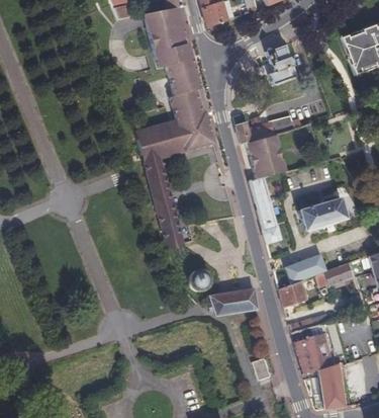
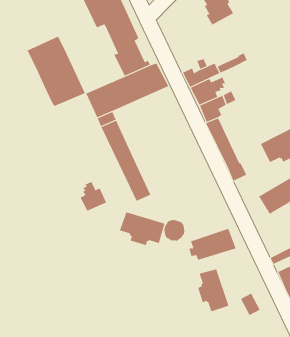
building: none -> [27,36,85,107]
building: none -> [80,181,107,211]
building: none -> [119,211,165,246]
building: [280,279,307,306] -> none
building: none -> [197,268,229,312]

